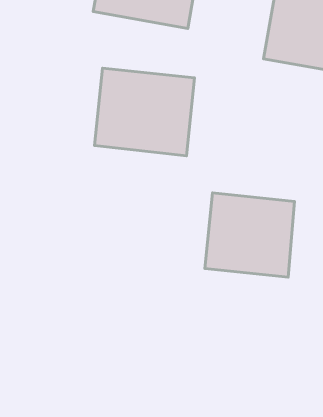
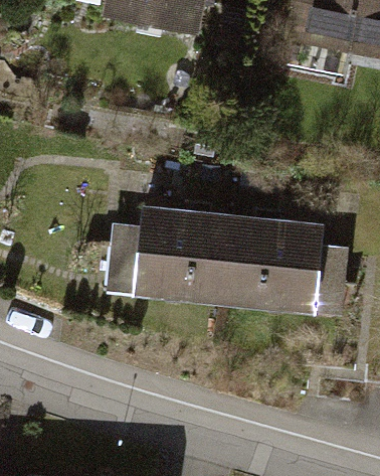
building: [95,68,194,156] -> none
building: none -> [132,205,227,295]

